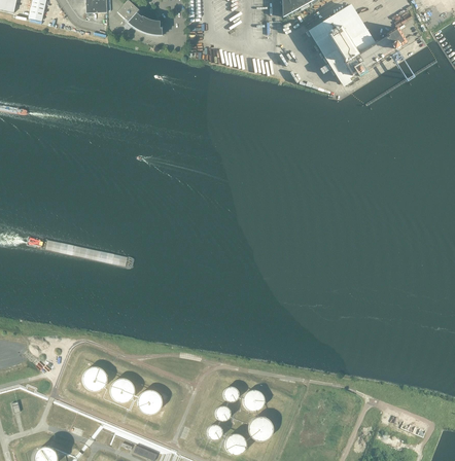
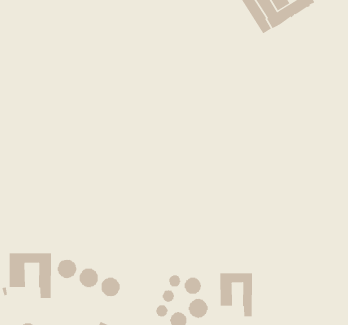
building: none -> [9,252,52,299]
building: none -> [220,272,253,317]

